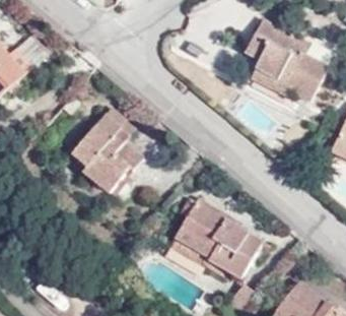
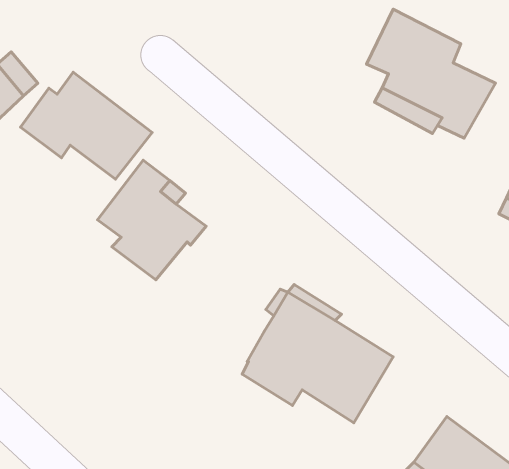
building: none -> [20,72,152,179]

